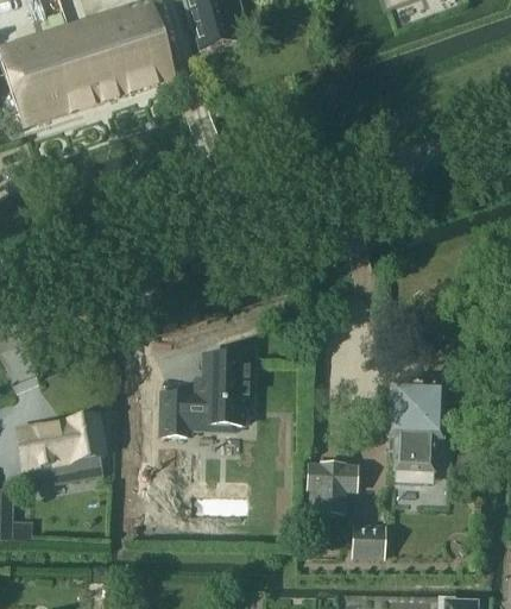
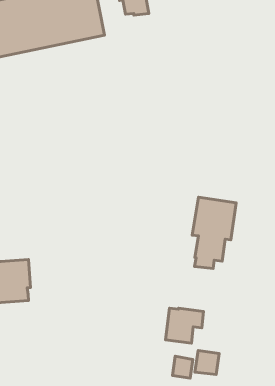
building: [160,347,253,433] -> none
building: [385,379,444,481] -> [192,197,236,268]
building: none -> [173,356,193,378]

